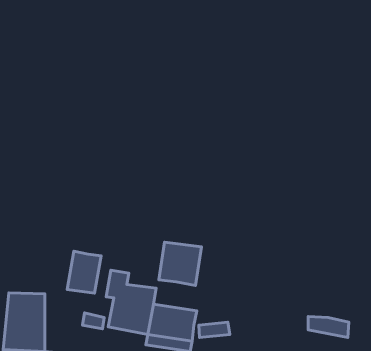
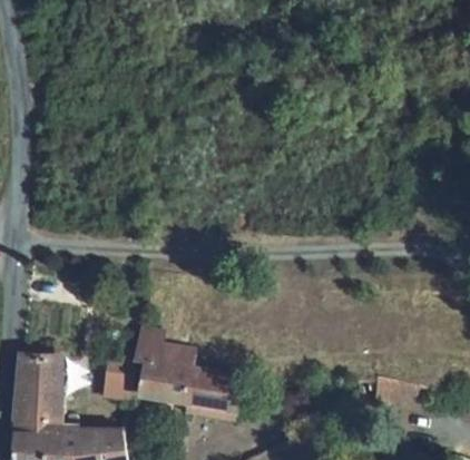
building: [159,242,202,285] -> none
building: [67,251,101,293] -> none

